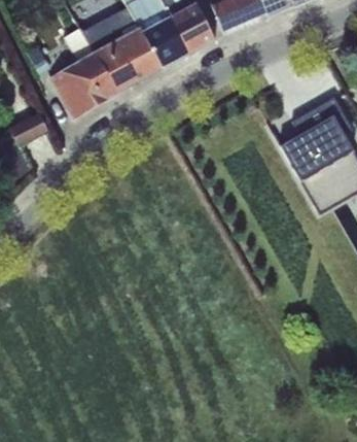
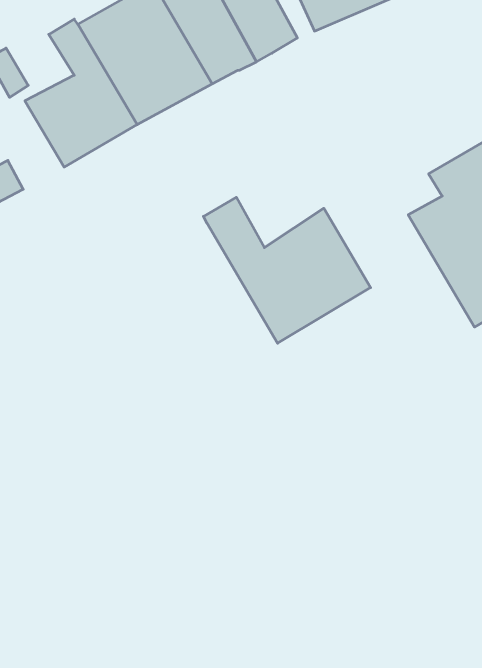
building: none -> [203,197,371,343]

